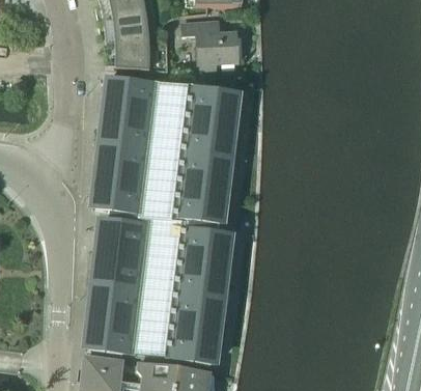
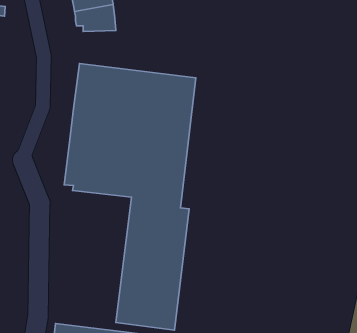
building: [184,20,240,74] -> none
building: [108,40,150,68] -> none
building: [87,213,167,355] -> none

